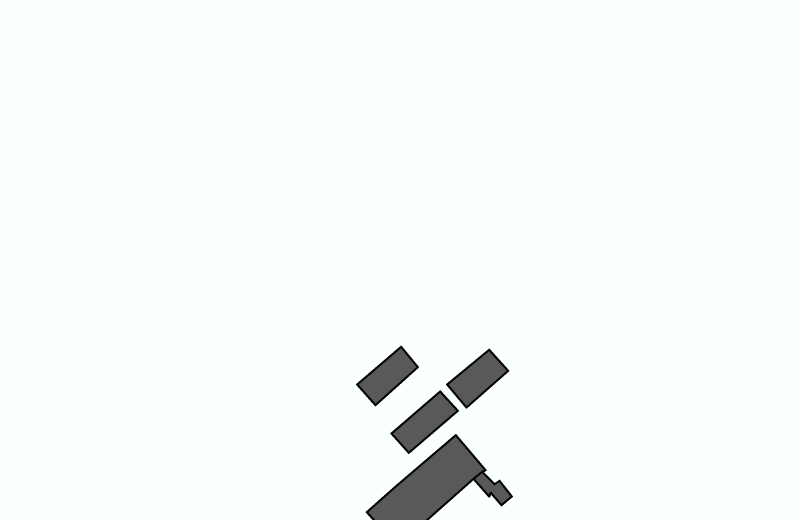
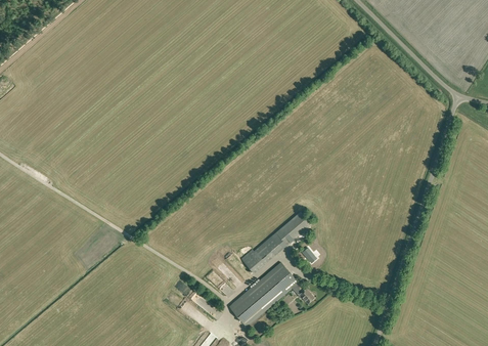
building: [357,347,418,405] -> none

